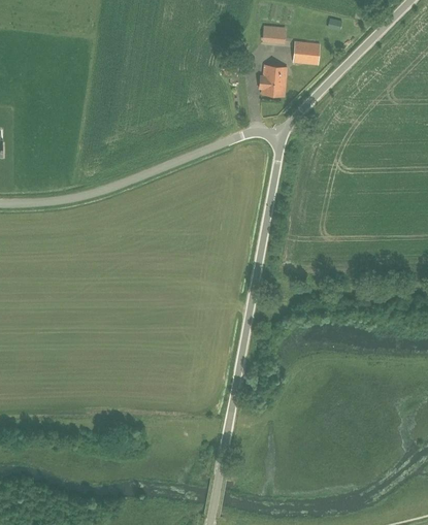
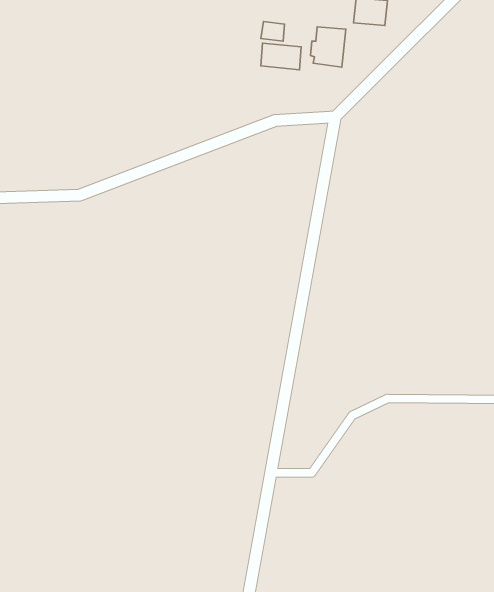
building: none -> [261,43,301,70]

